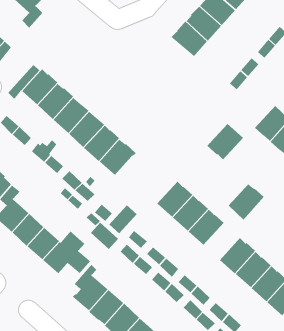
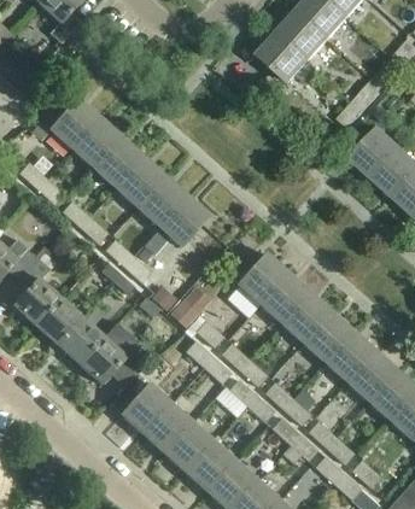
building: [206,123,244,160] -> [349,128,401,180]
building: [228,183,265,220] -> [302,311,352,363]
building: [90,222,119,250] -> none

